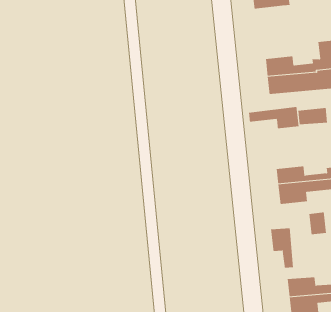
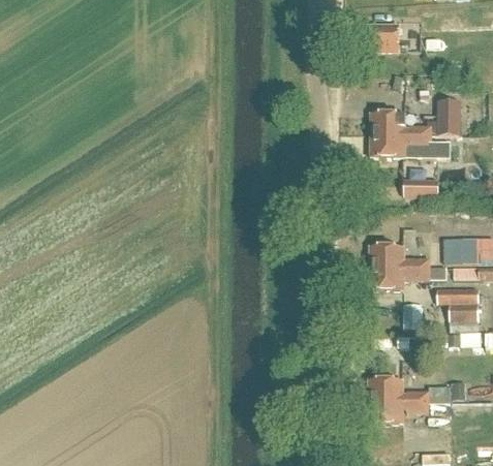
building: [248,106,299,129] -> none
building: [271,227,294,268] -> none

